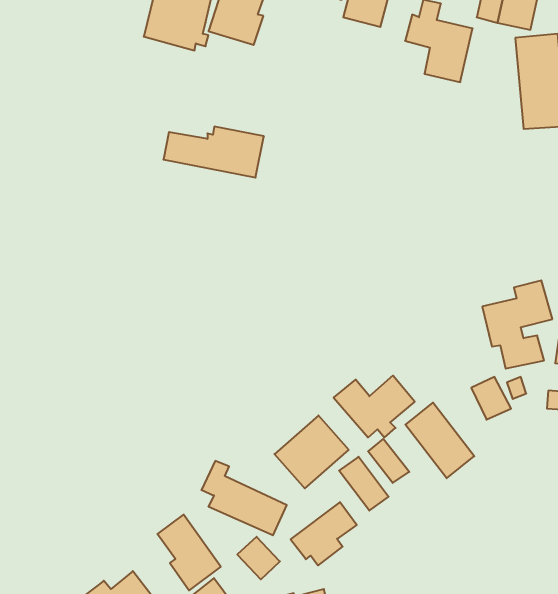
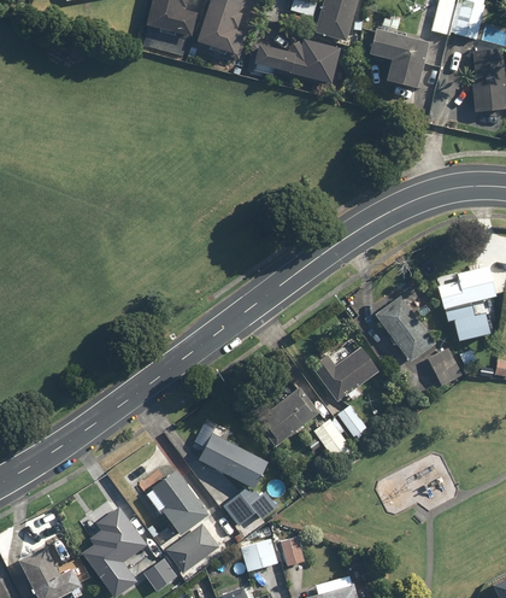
building: [163,127,264,178] -> [252,39,340,83]
building: [405,403,474,478] -> [375,293,435,359]
building: [291,502,357,565] -> none

